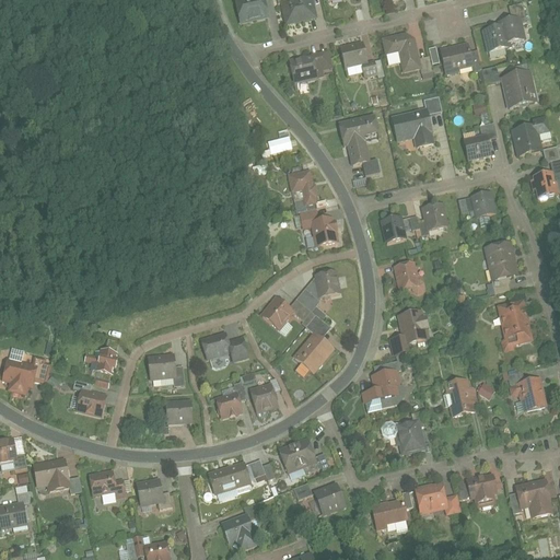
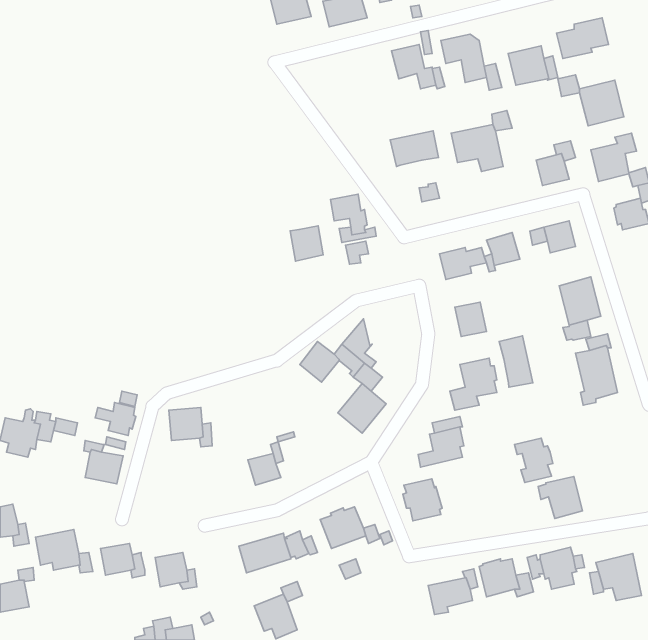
building: [288,46,331,82] -> none
building: [346,138,370,164] -> none
building: [311,215,339,246] -> [290,226,323,261]
building: [314,268,341,298] -> none
building: none -> [499,336,533,387]
building: [200,329,249,361] -> none
building: [510,376,548,412] -> [538,476,583,518]
building: [247,381,278,412] -> none
building: [164,398,192,424] -> none
building: [393,419,427,455] -> [403,479,442,521]
building: [313,480,346,514] -> none

